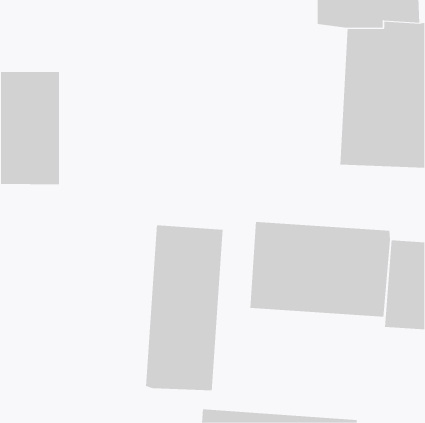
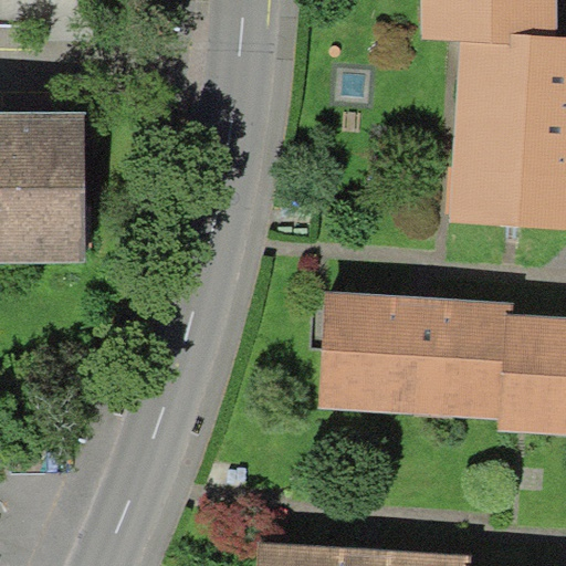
building: [145,225,223,391] -> none

